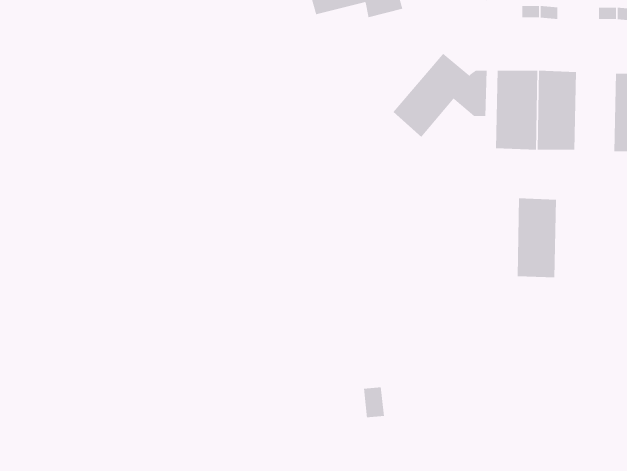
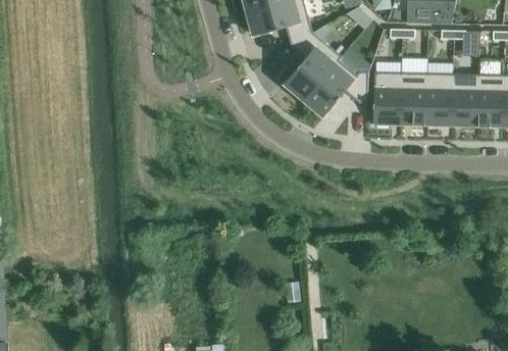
building: none -> [282,31,339,99]
building: [517,198,557,278] -> [423,72,450,126]

